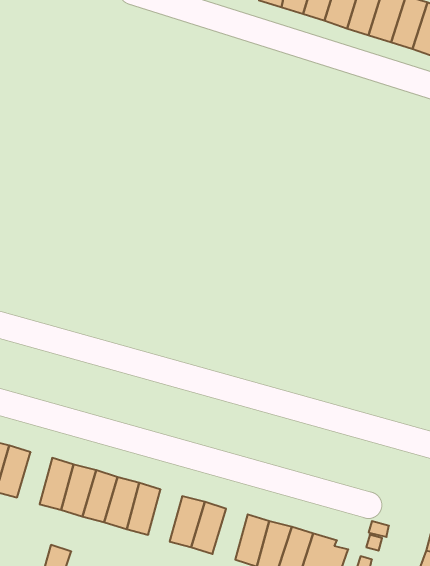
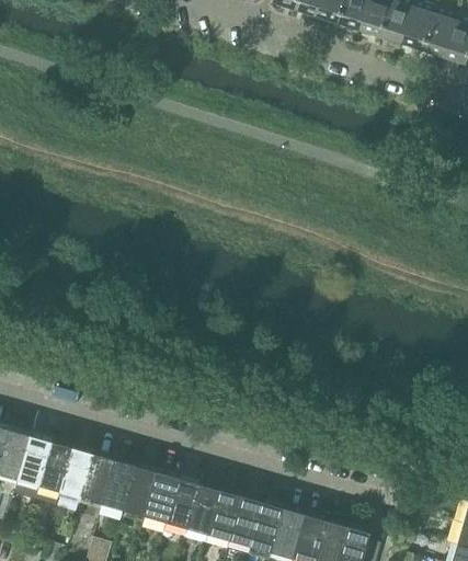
building: none -> [60,449,94,500]
building: none -> [187,485,220,536]
building: none -> [250,504,284,553]

